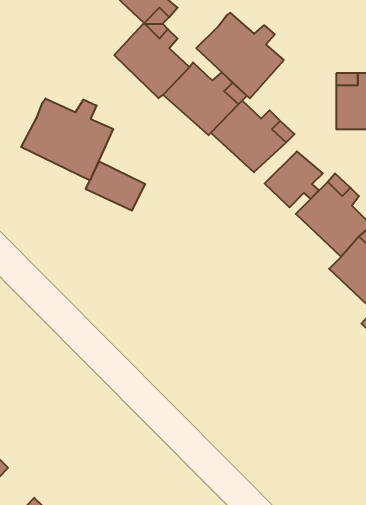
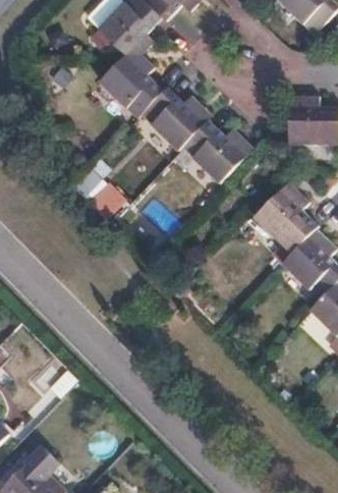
building: [196,13,284,98] -> none
building: [21,98,113,180] -> none
building: [265,151,323,207] -> none

